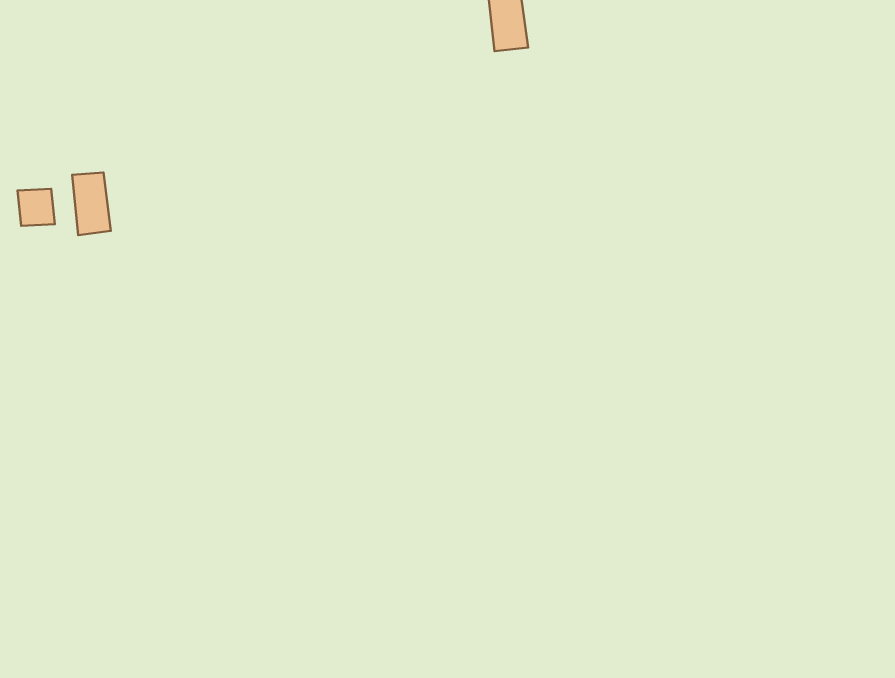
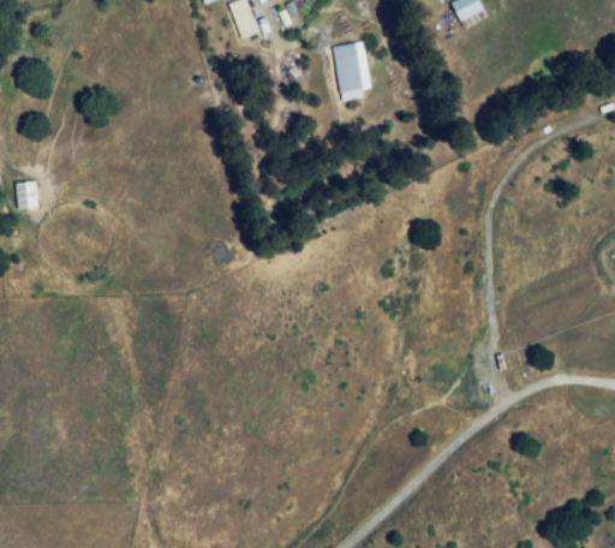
building: [72,173,111,235] -> none

